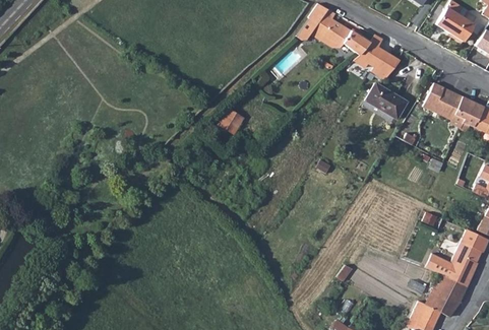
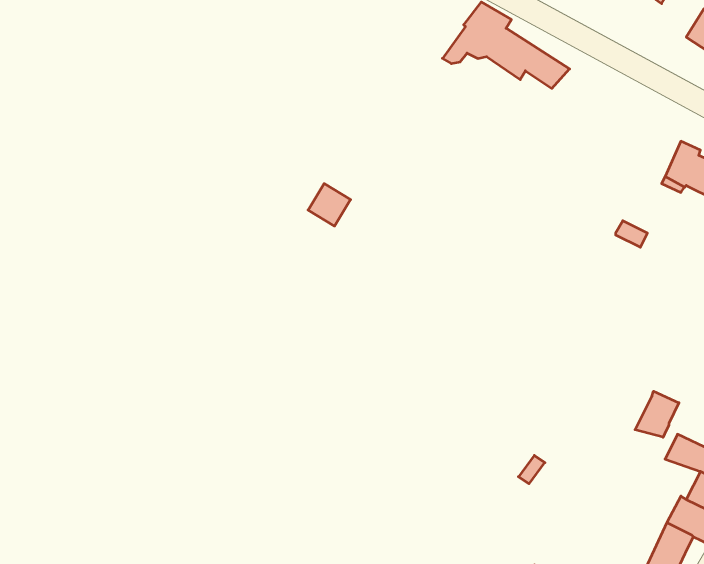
building: [352,36,399,80] -> none
building: [363,82,406,119] -> none
building: none -> [635,391,679,437]

